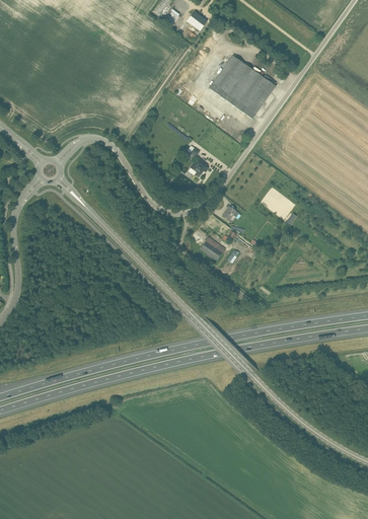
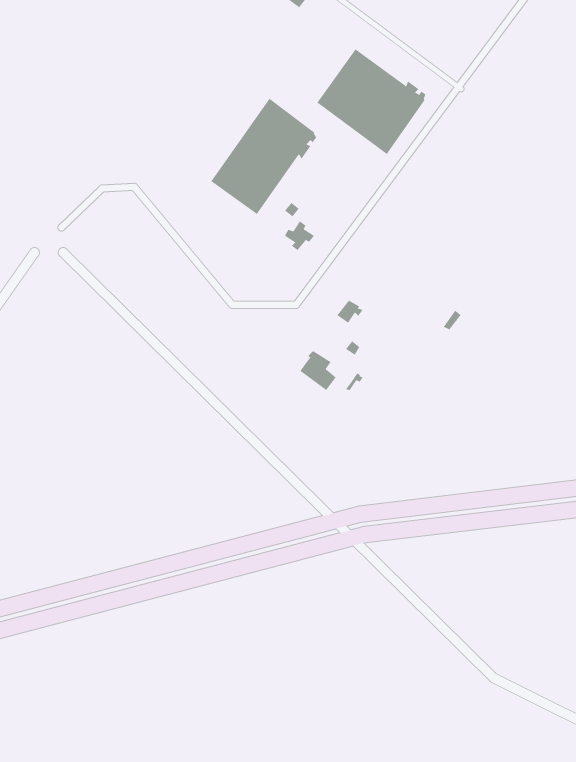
building: none -> [210,98,317,215]

